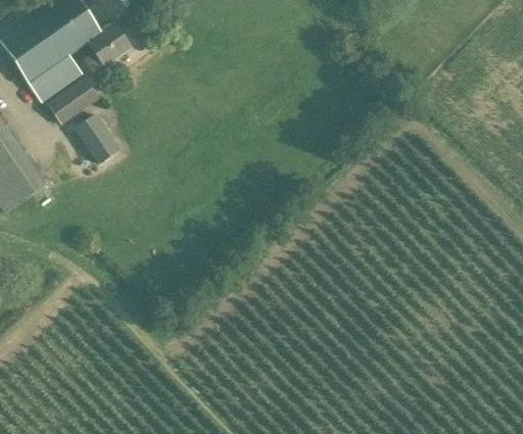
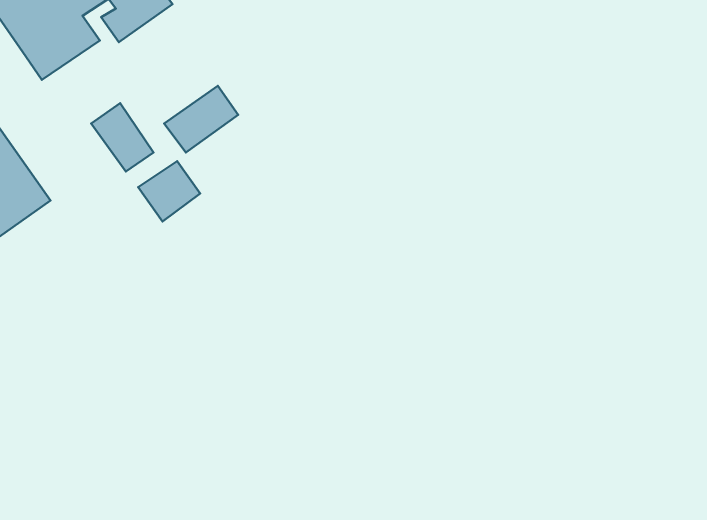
building: [47,77,99,124] -> [164,86,238,153]
building: none -> [138,161,200,221]

